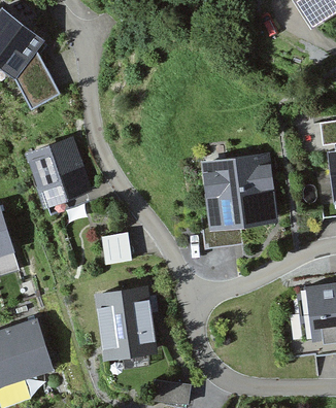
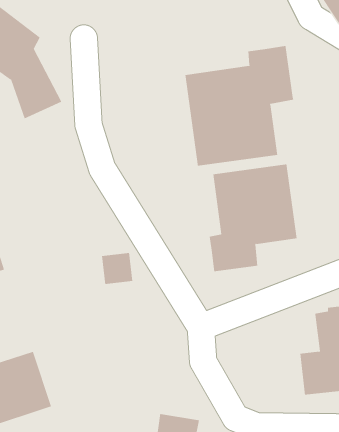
building: none -> [185,45,294,167]
building: [28,141,94,213] -> none
building: [93,285,154,359] -> none

